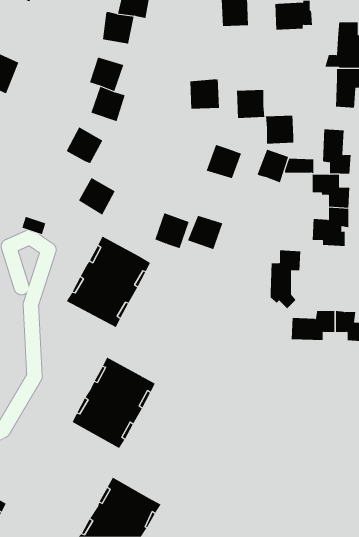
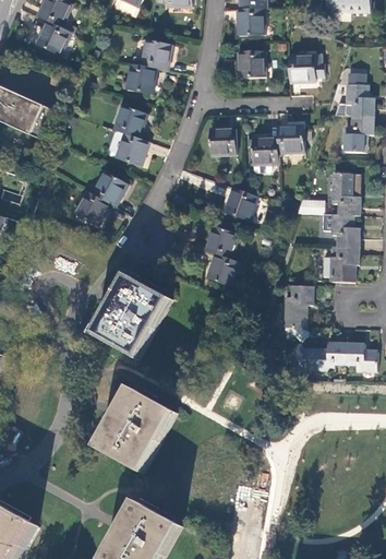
building: [265,115,294,144] -> [277,123,304,151]
building: [257,149,289,183] -> none
building: [78,177,115,216] -> [75,190,110,226]
building: [155,213,190,249] -> [205,224,238,258]

